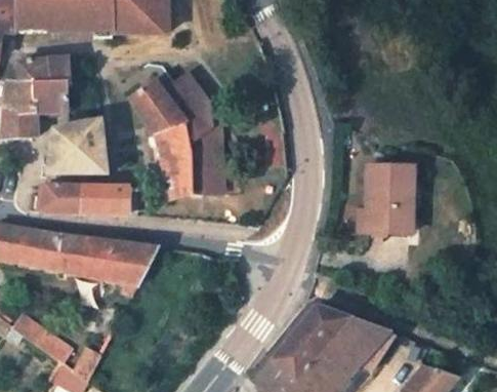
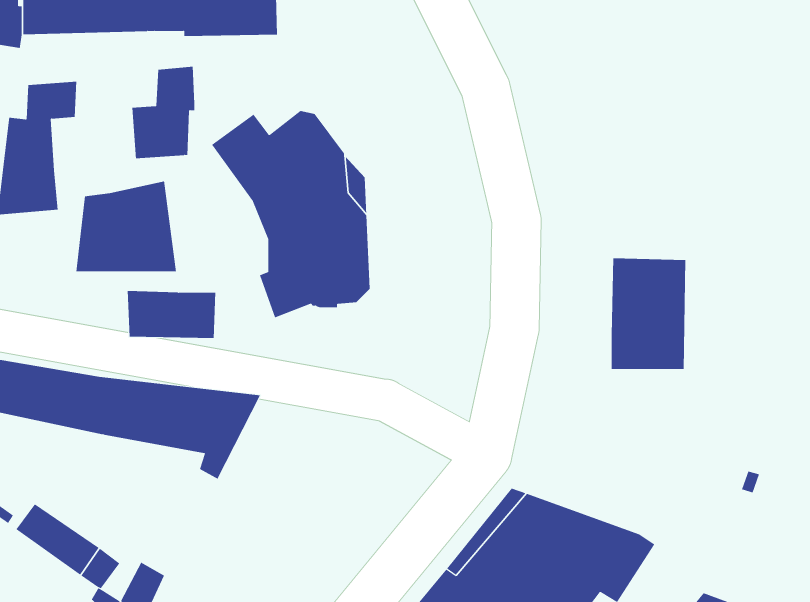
building: [33,57,71,113] -> [132,66,195,159]
building: [30,184,79,212] -> none

